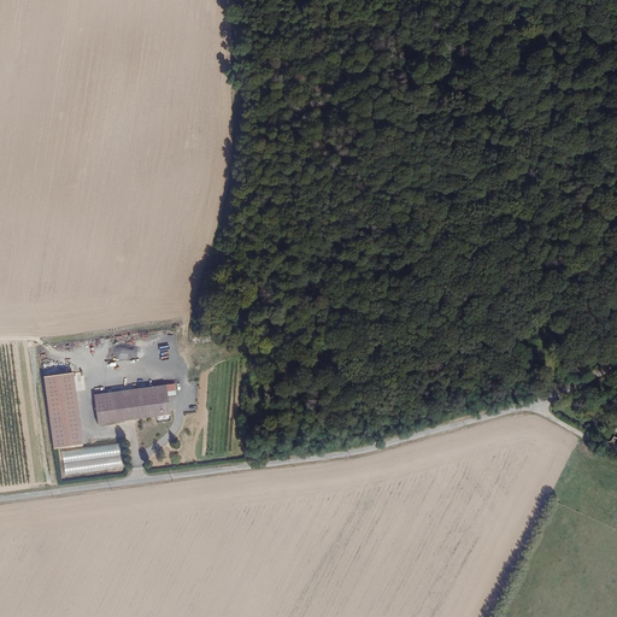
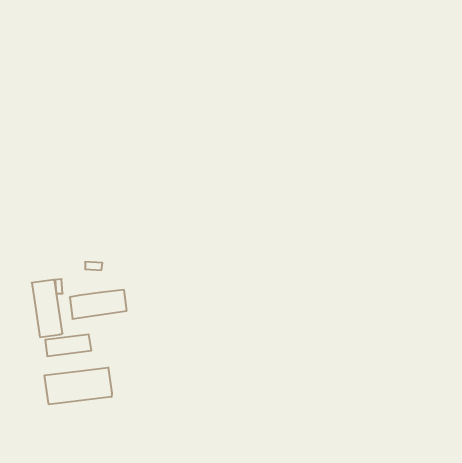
building: none -> [45,367,112,404]

